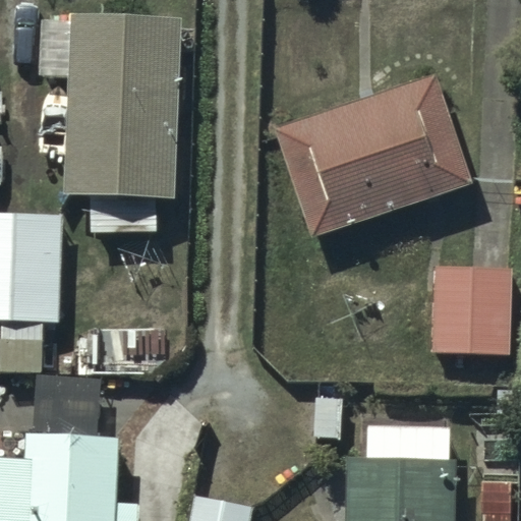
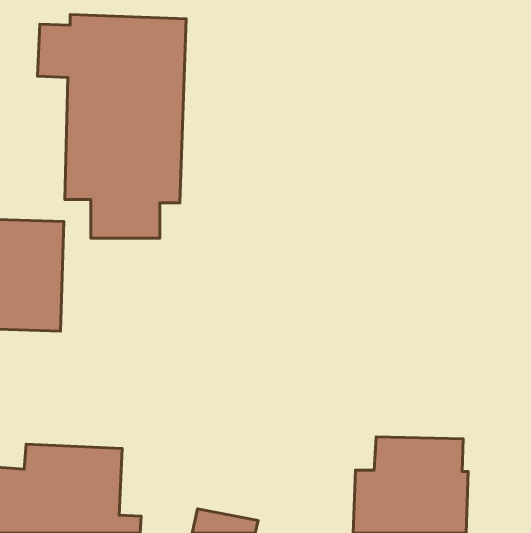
building: [274,75,469,238] -> none
building: [432,268,512,355] -> none

